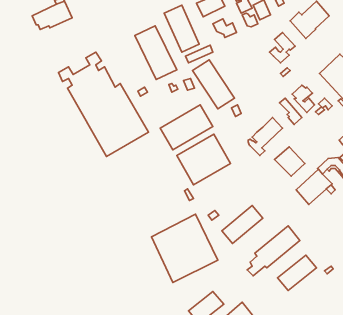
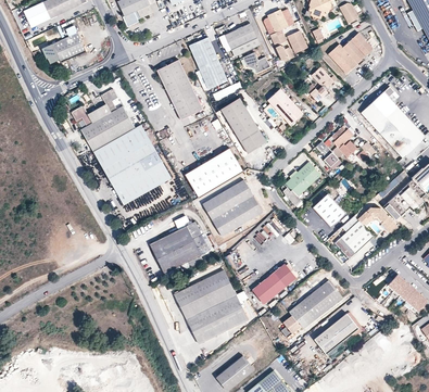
building: none -> [266,89,302,125]
building: none -> [149,222,209,279]

